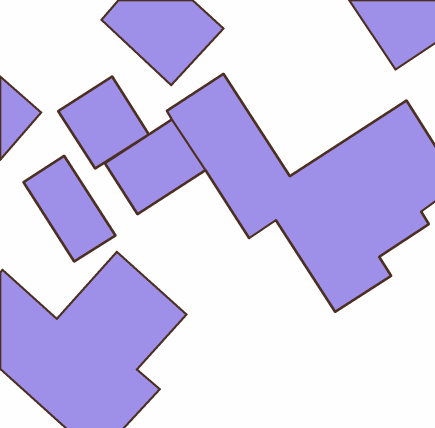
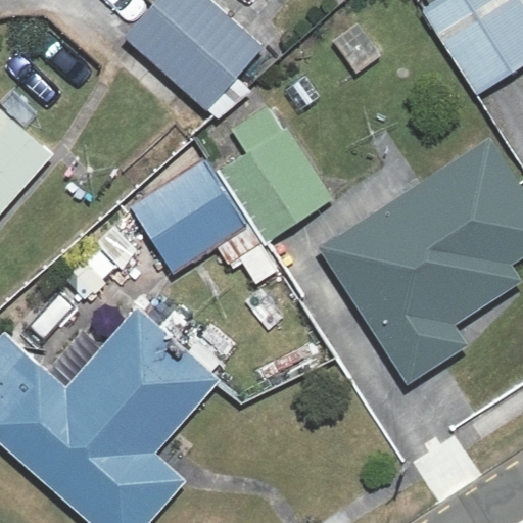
building: [58,76,149,169] -> none
building: [23,156,116,261] -> none

